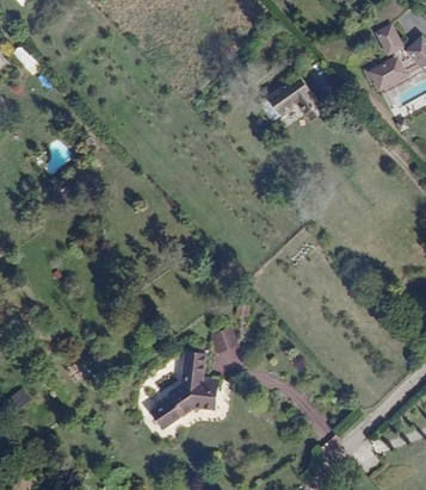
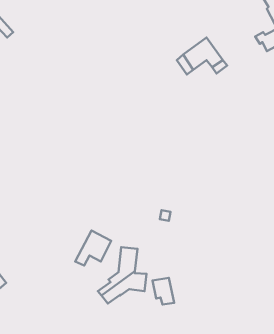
building: [212,329,241,365] -> [153,278,174,305]
building: none -> [75,230,111,265]

